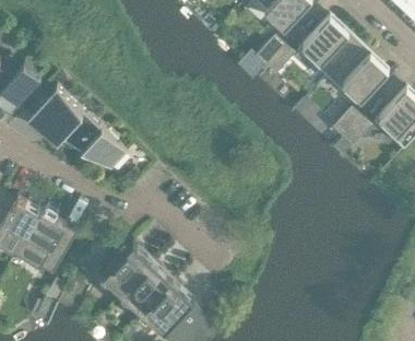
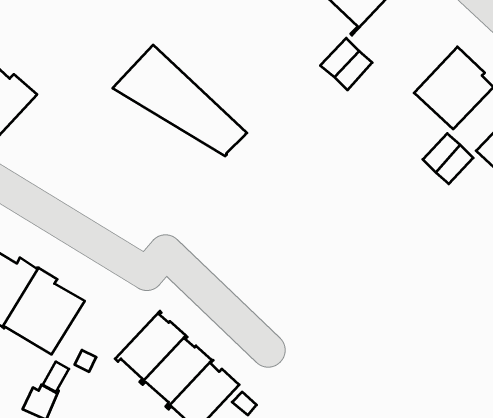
building: [298,17,359,78] -> none
building: [26,87,128,172] -> [113,45,247,156]

